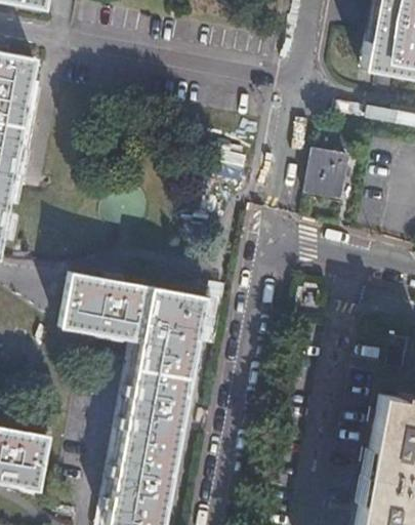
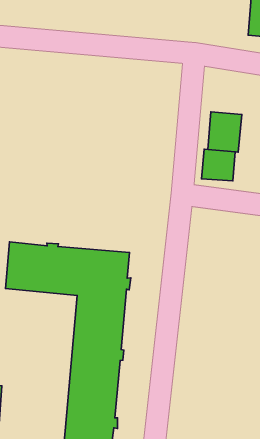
building: none -> [202,149,235,181]

